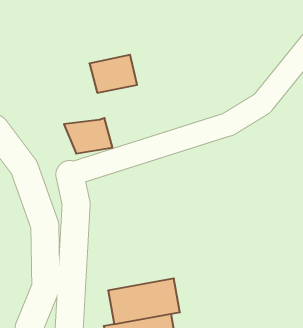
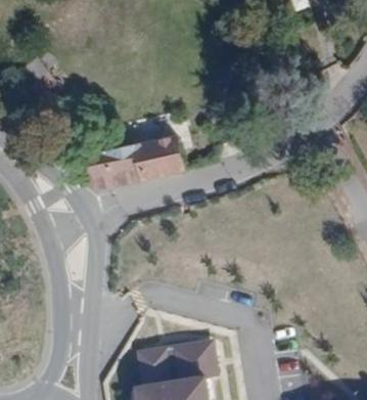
building: [89,55,137,93] -> [129,137,185,182]

